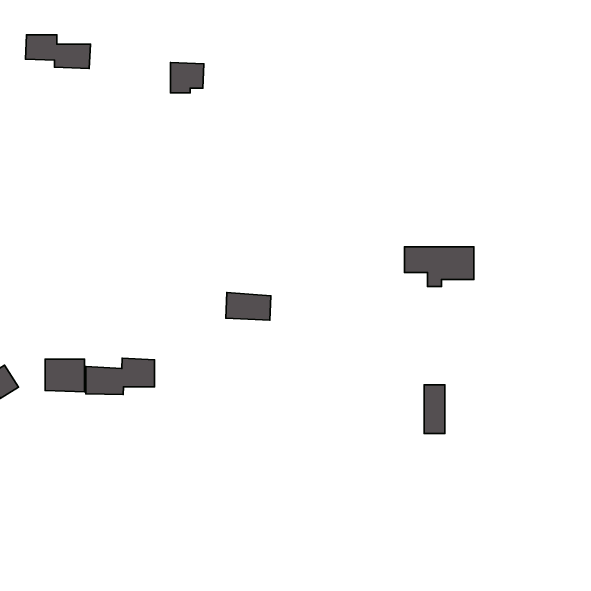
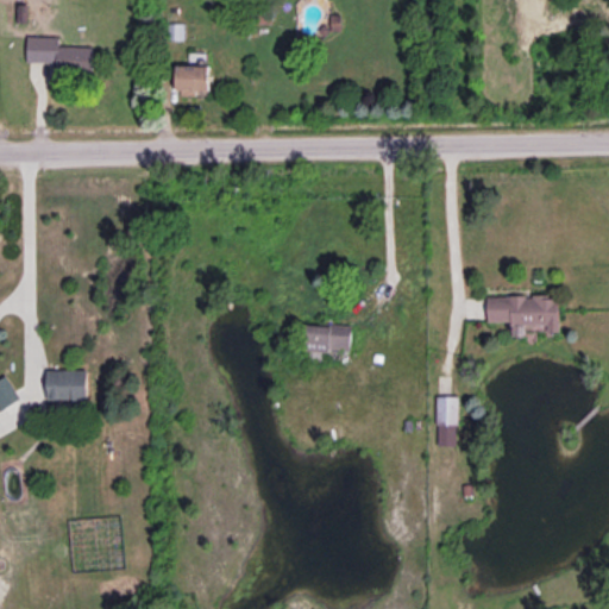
building: [404,247,474,286] -> [486,296,558,337]
building: [226,293,271,320] -> [304,324,351,352]
building: [86,358,154,394] -> none

